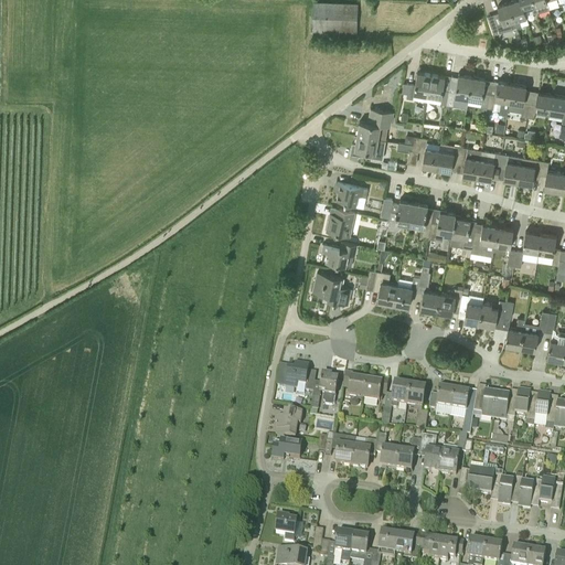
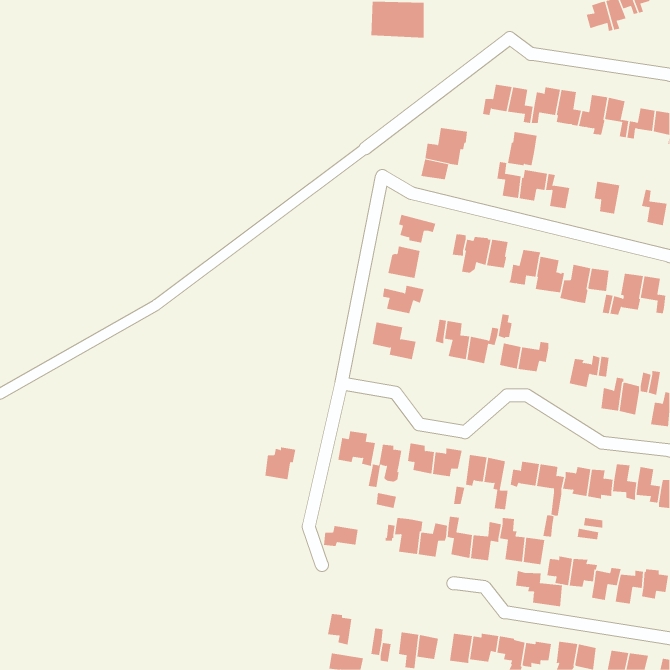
building: [476,149,501,178] -> [507,132,538,166]
building: [516,156,542,183] -> none
building: [458,292,483,322] -> none
building: [275,411,301,438] -> [265,447,296,480]
building: none -> [515,570,563,607]

